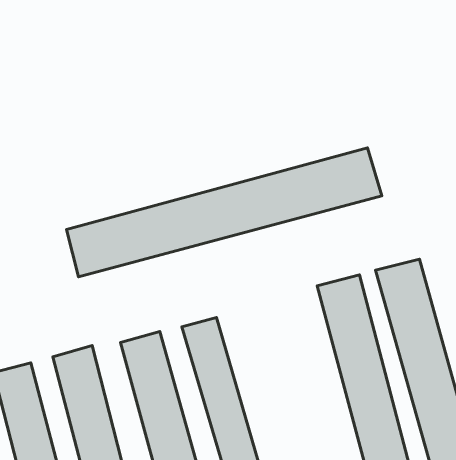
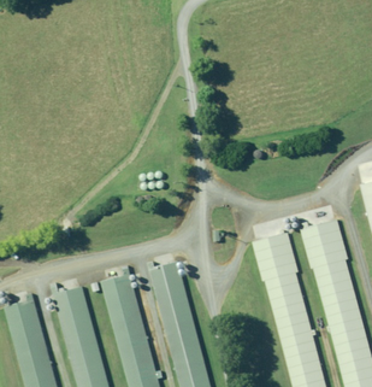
building: [66,148,382,277] -> none

